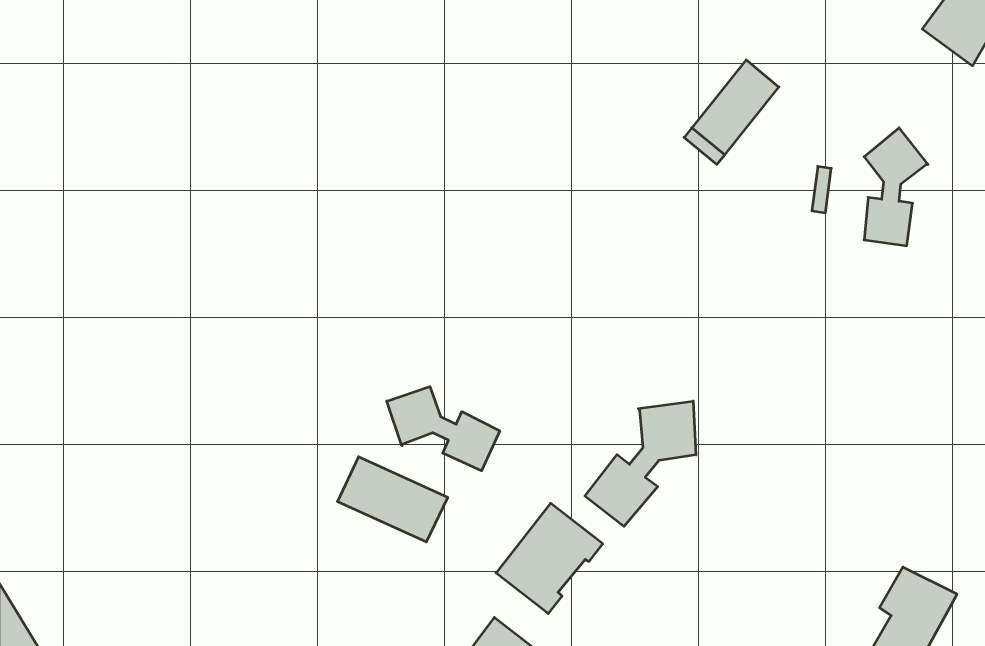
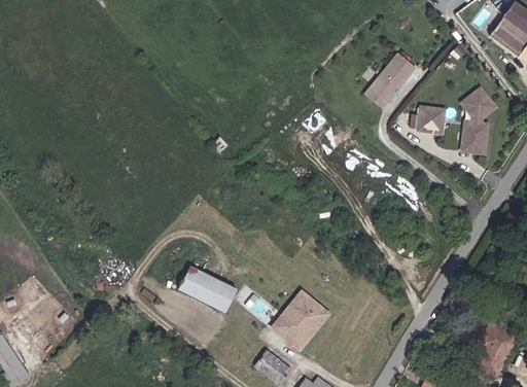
building: none -> [416,108,436,134]
building: [387,387,500,471] -> none
building: [585,401,696,526] -> none

